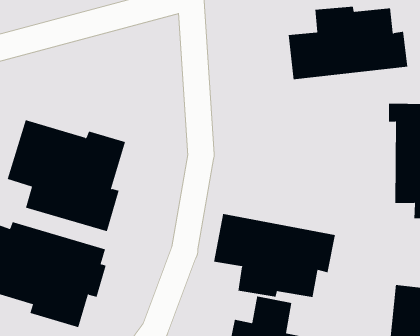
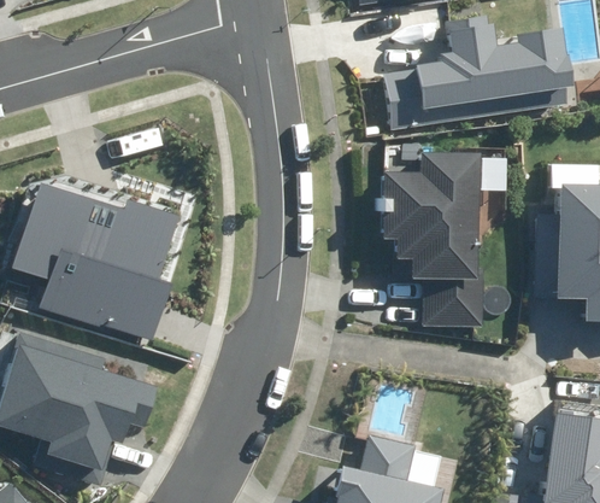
building: none -> [372,144,481,327]
building: [213,213,336,298] -> none

